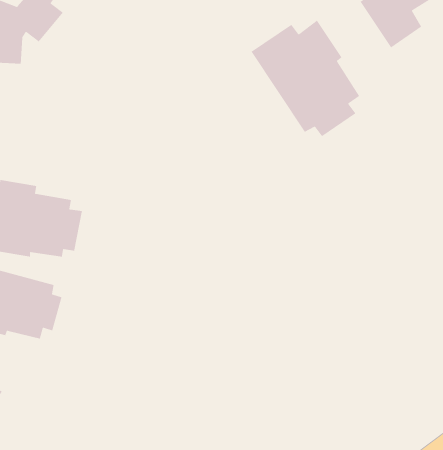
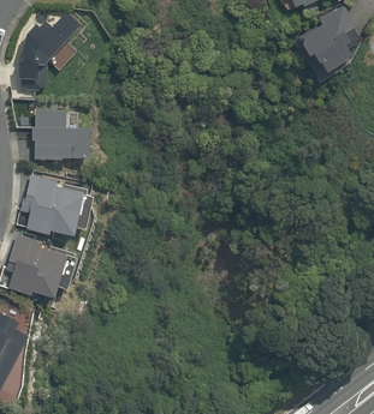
building: [250,19,360,137] -> none
building: none -> [35,112,91,158]

